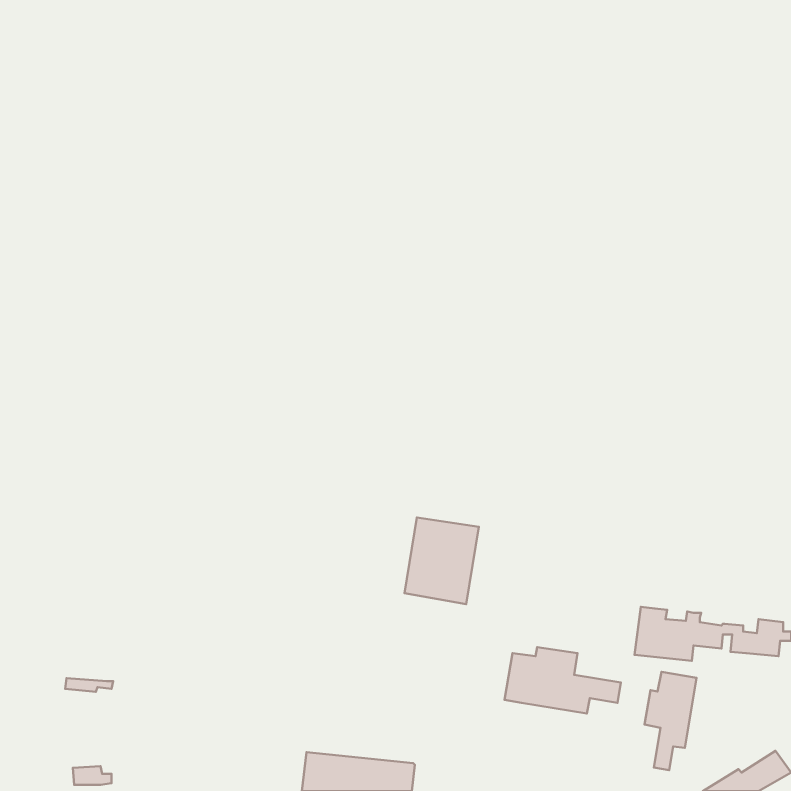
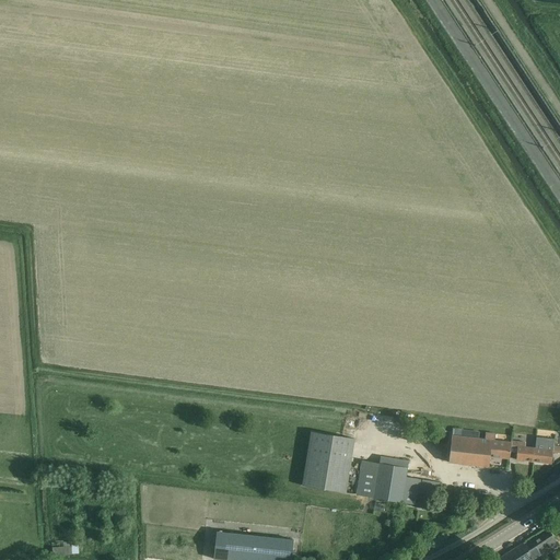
building: [404,517,479,604] -> [302,432,354,493]
building: [644,672,696,770] -> none

